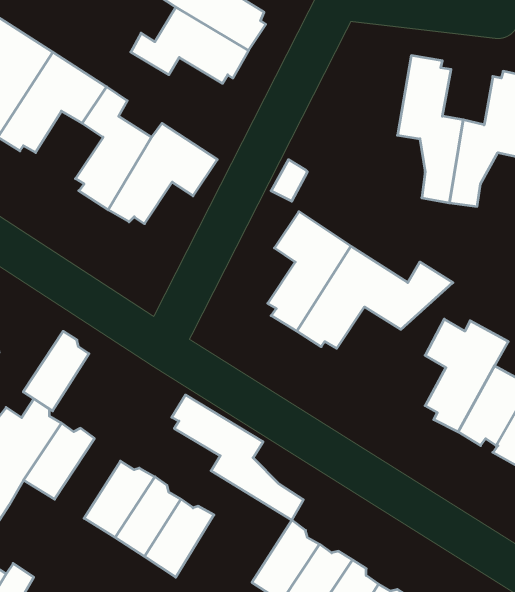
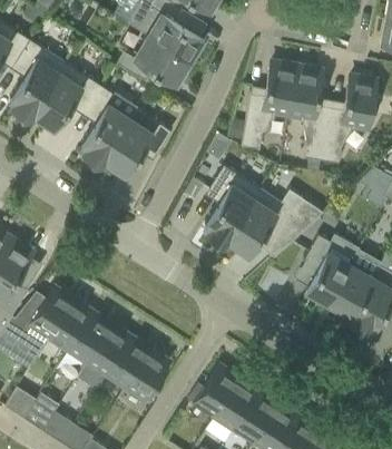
building: none -> [242,64,297,150]
building: [23,331,89,411] -> [68,313,110,364]
building: [172,395,303,520] -> none

